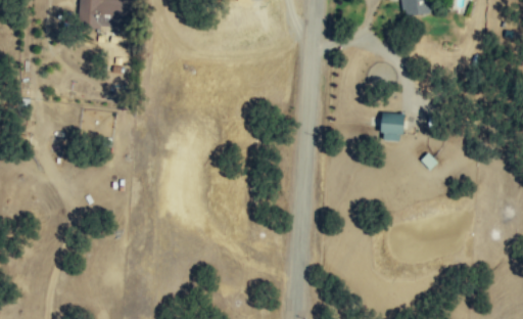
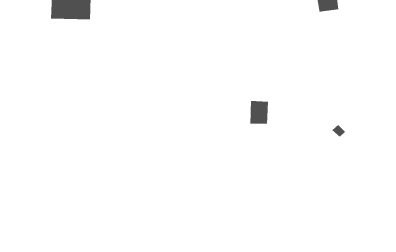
building: [380,112,403,141] -> [249,101,269,124]

